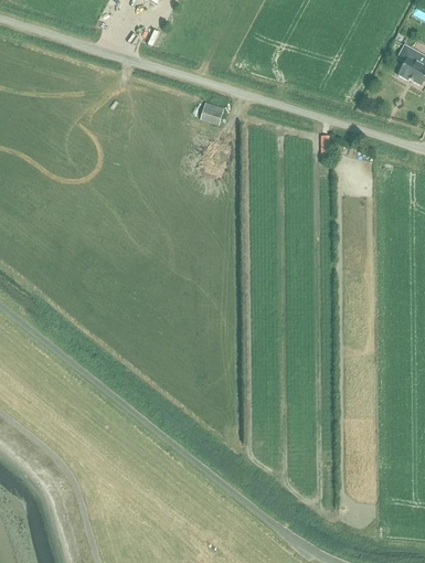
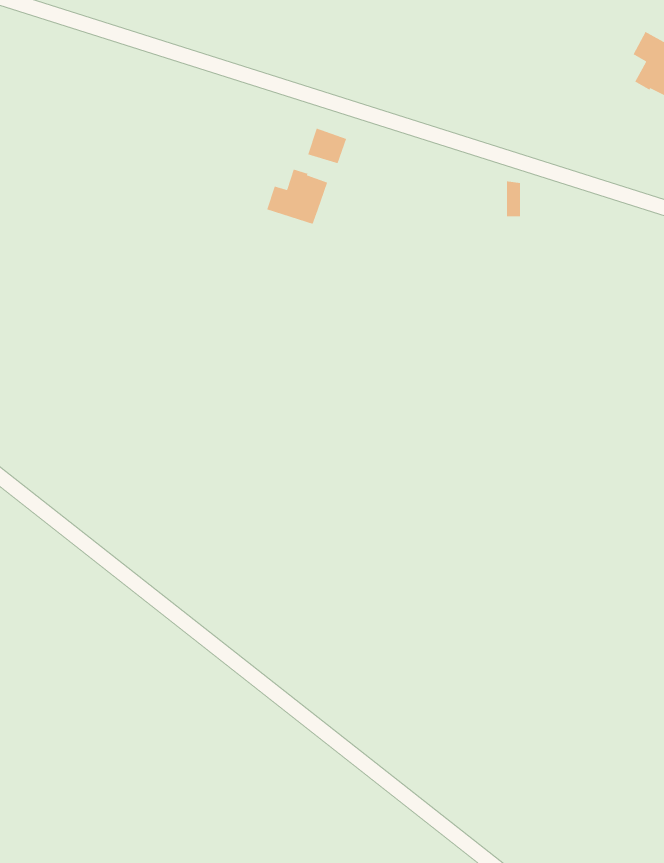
building: none -> [266,169,328,225]

